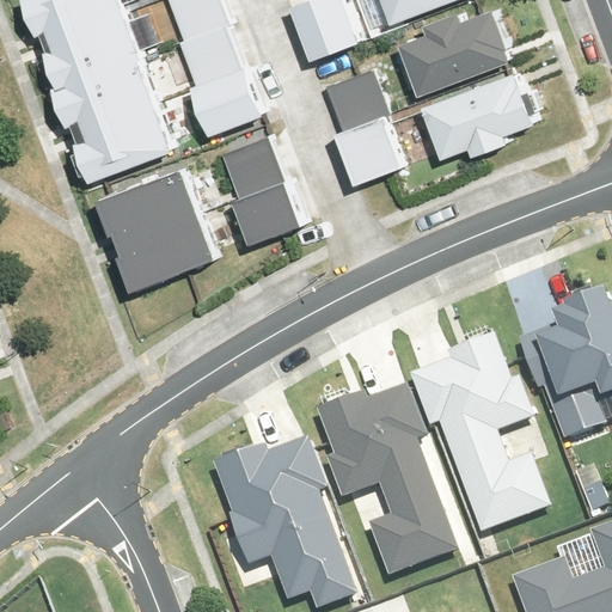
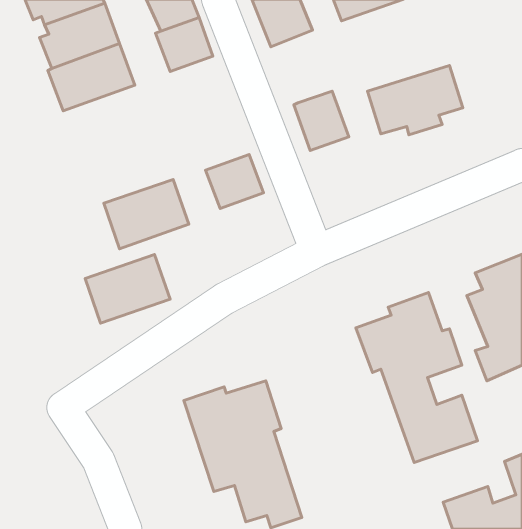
building: [402,6,512,93] -> none
building: [329,61,387,118] -> none
building: [196,65,262,127] -> none
building: [73,98,172,175] -> none
building: [221,133,287,196] -> none
building: [102,155,200,234] -> [85,255,170,323]
building: [316,391,454,575] -> none

